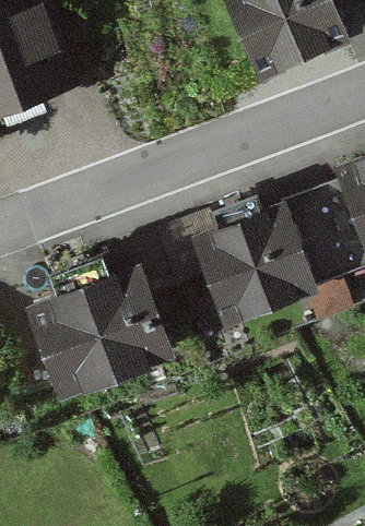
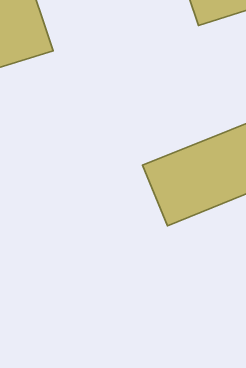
building: [32,267,168,394] -> none

